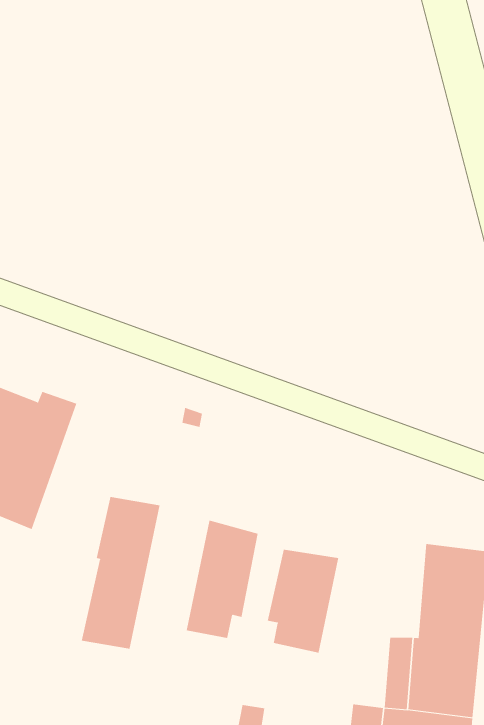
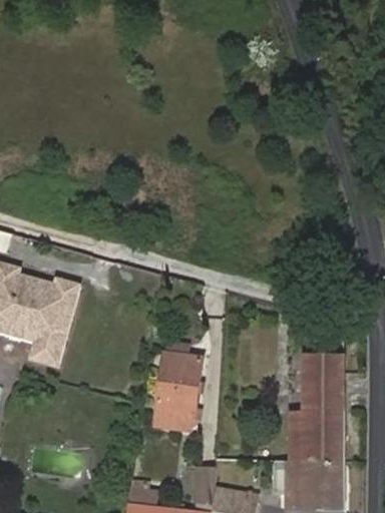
building: [81,496,160,649] -> none
building: [267,549,339,653] -> none

